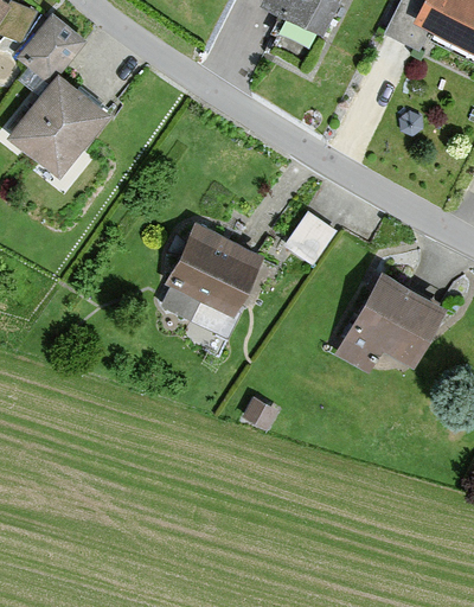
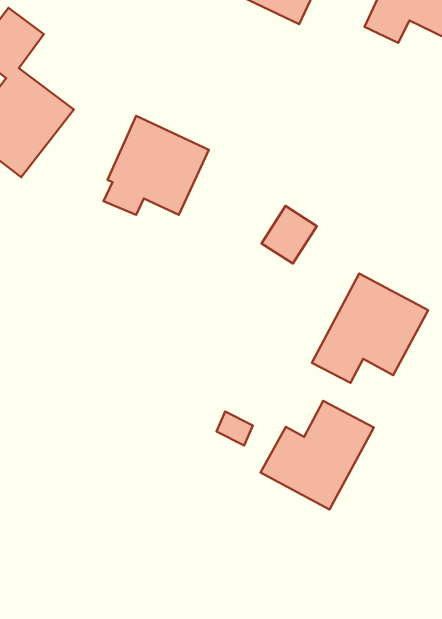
building: [162,224,262,318] -> [104,116,209,215]
building: none -> [261,401,374,509]

